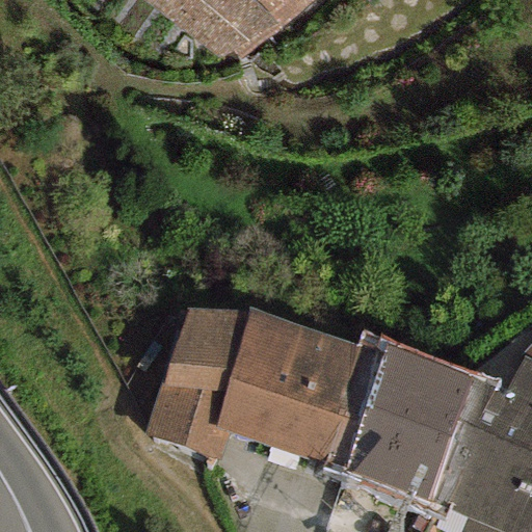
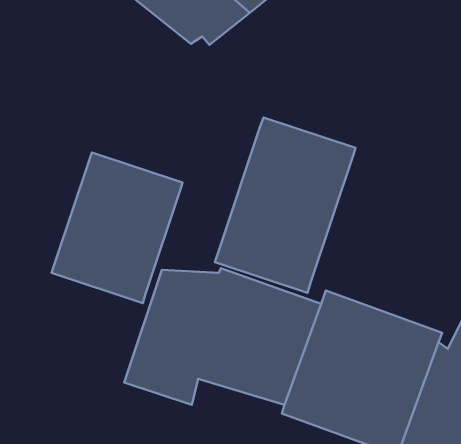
building: none -> [215,117,356,293]
building: none -> [51,153,183,303]

